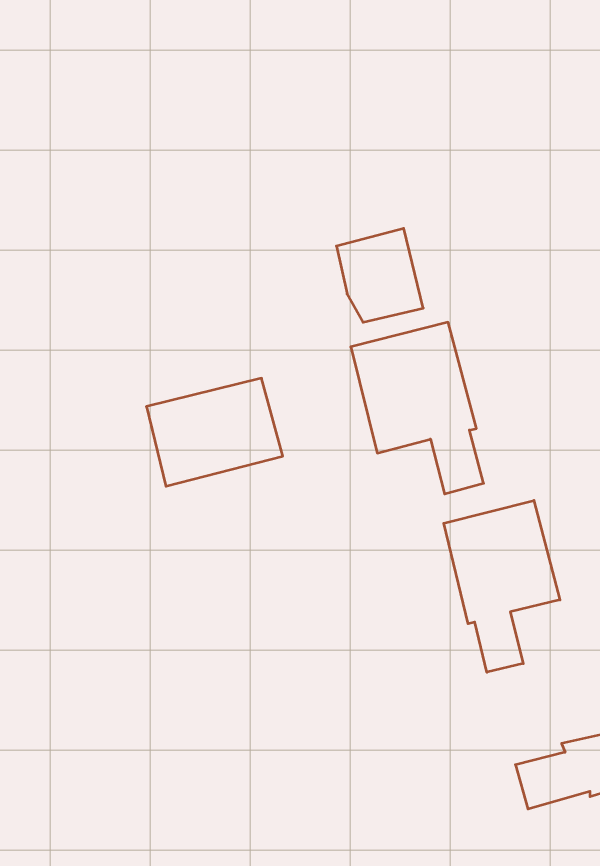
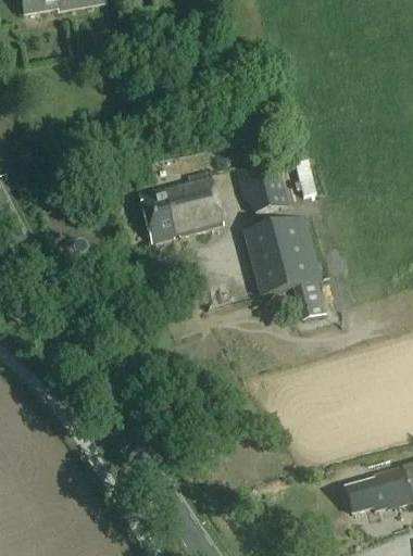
building: [146,378,283,486] -> [140,175,224,241]
building: [444,500,560,672] -> none

